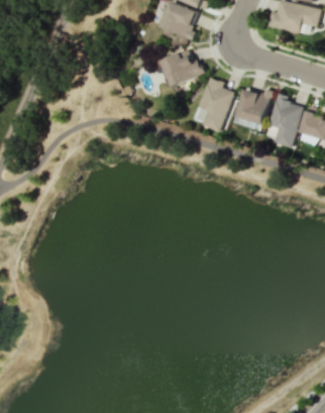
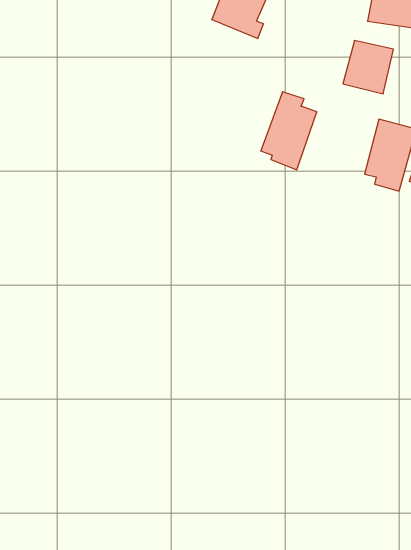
building: [161,47,206,84] -> none
building: [236,88,272,125] -> [343,40,393,94]

